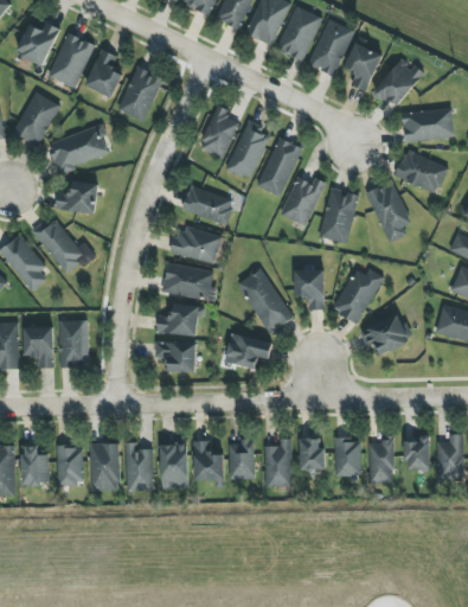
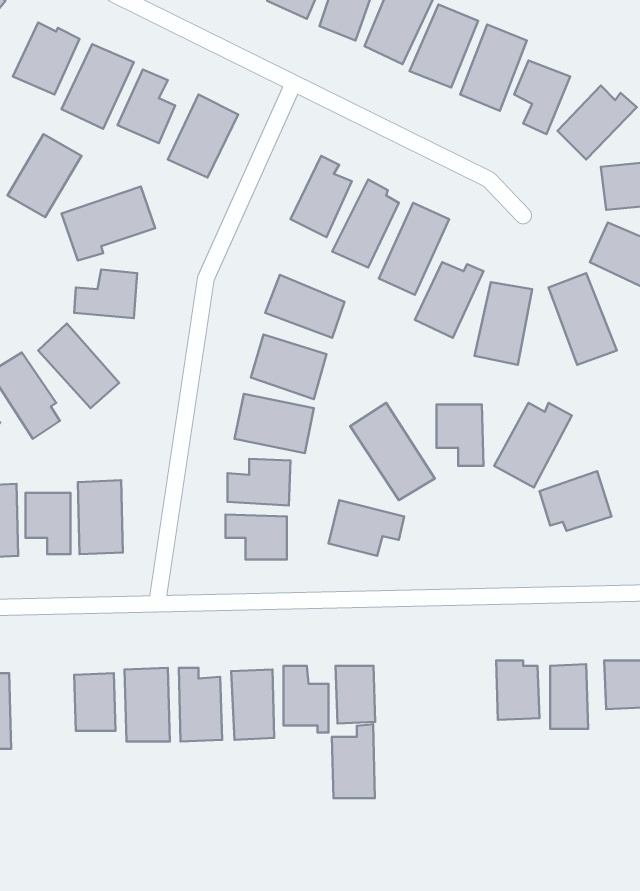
building: [263,437,291,486] -> [332,724,375,798]
building: [299,439,325,471] -> none
building: [21,446,49,485] -> none

